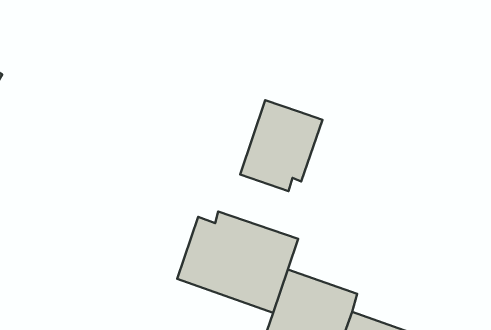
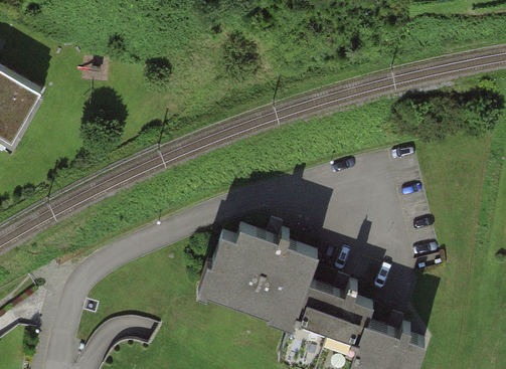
building: [240,100,322,191] -> none

